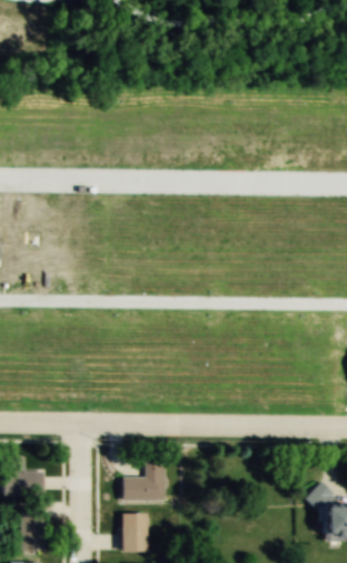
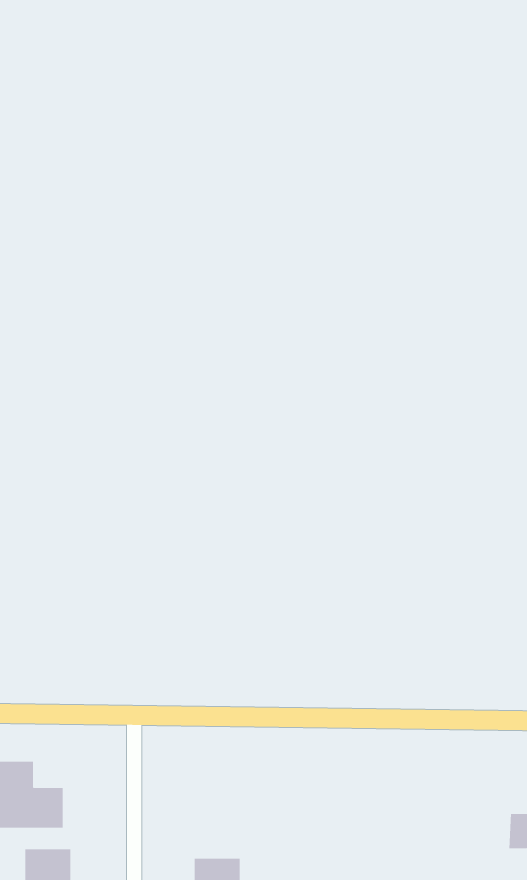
building: [122,460,166,501] -> none

